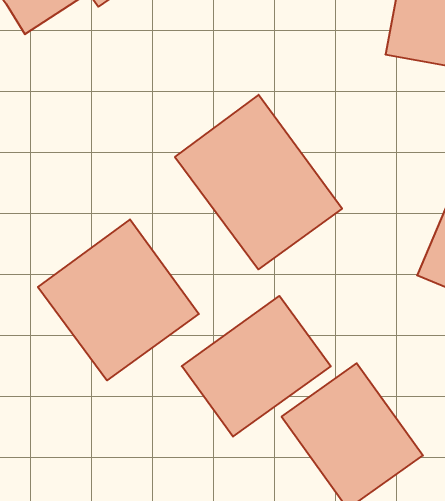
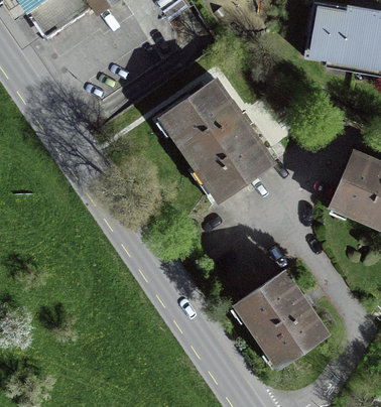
building: [38,219,199,380] -> none
building: [182,296,331,437] -> none

